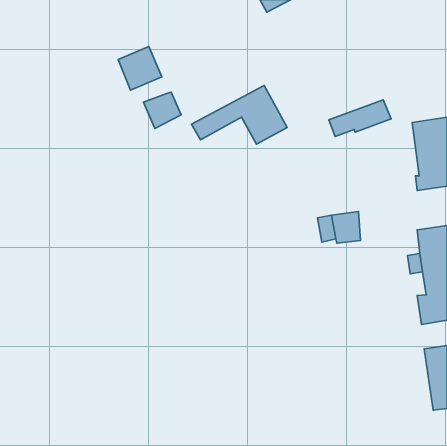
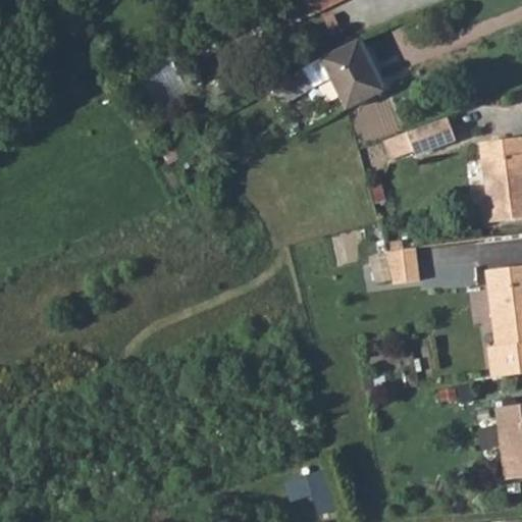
building: [192,86,287,144] -> [272,40,383,108]
building: [143,92,181,129] -> none
building: none -> [288,469,340,514]

